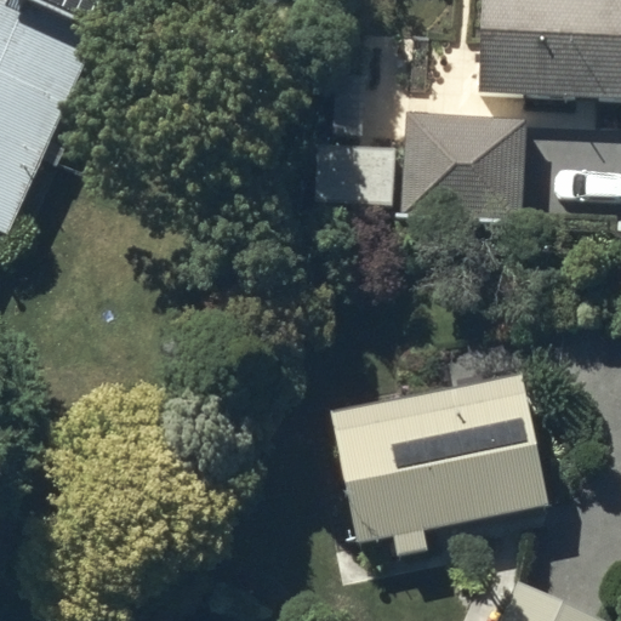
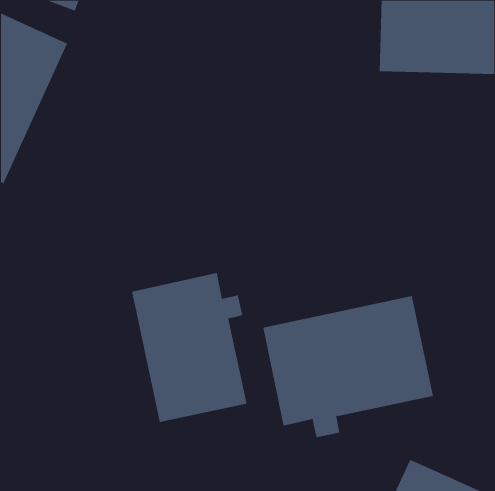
building: [400,112,525,210] -> none
building: none -> [131,272,247,423]

